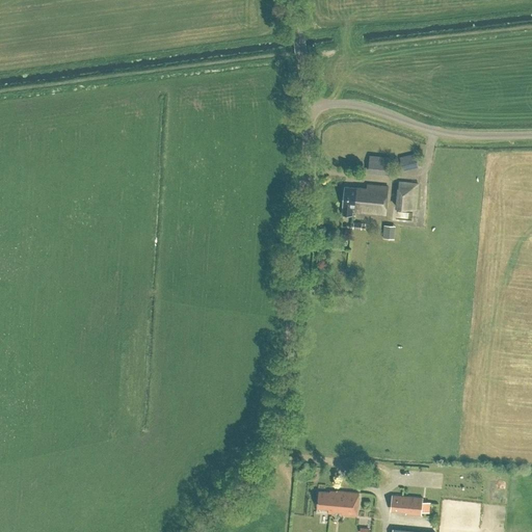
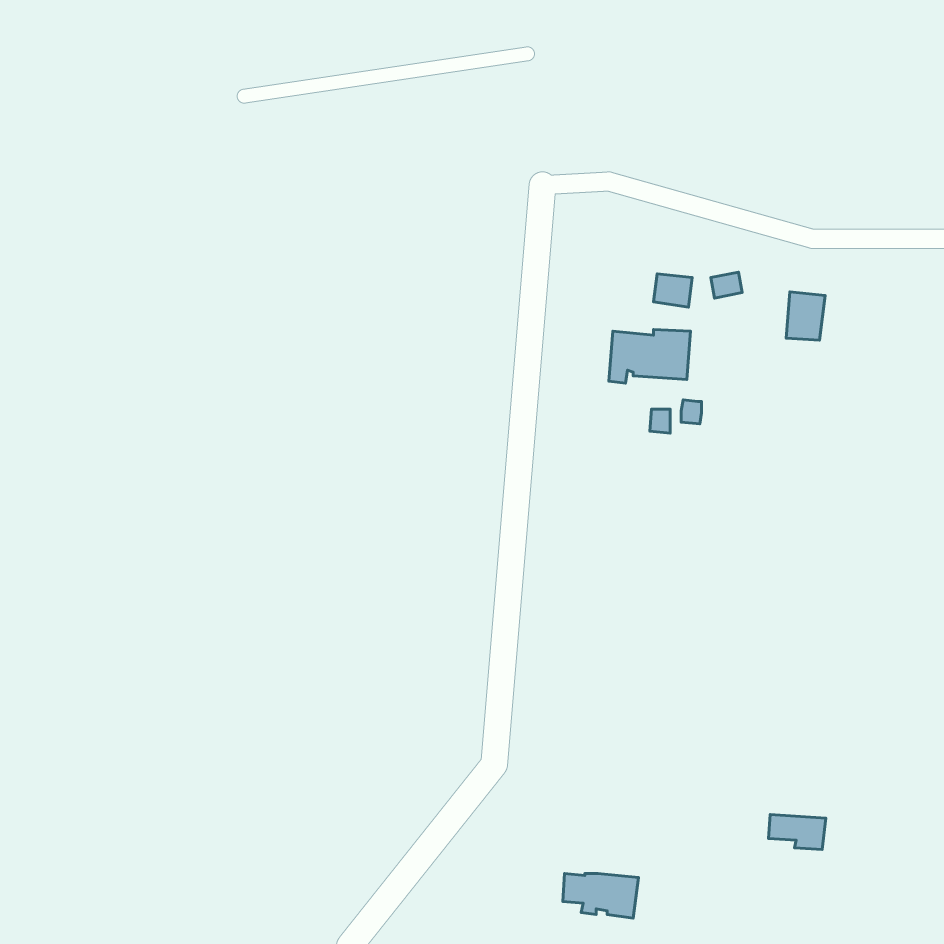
building: [396,183,418,210] -> [786,292,825,340]
building: [390,496,422,515] -> [768,814,826,850]

